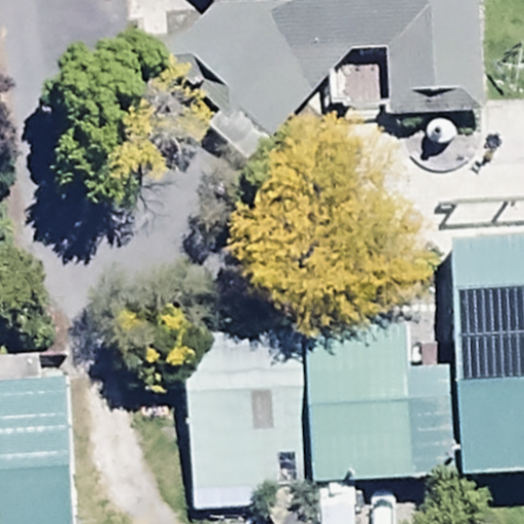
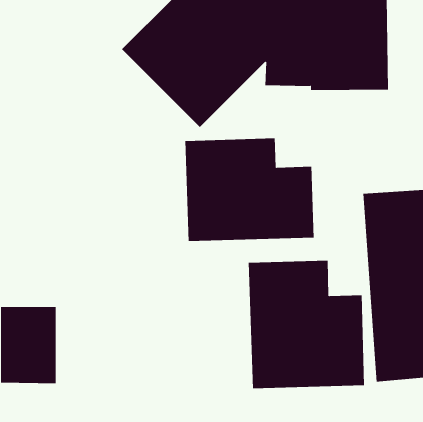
building: none -> [185,138,314,242]
building: [184,330,300,514] -> none

